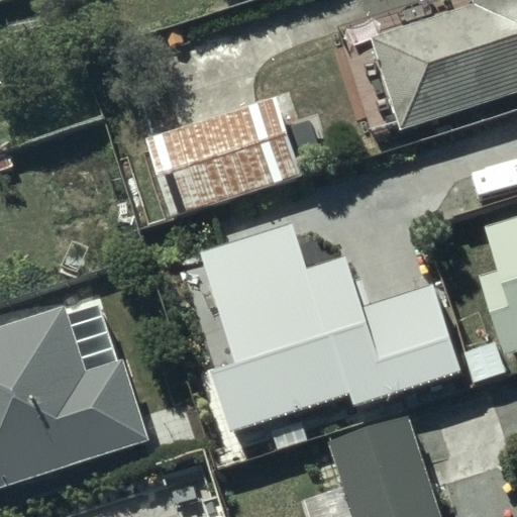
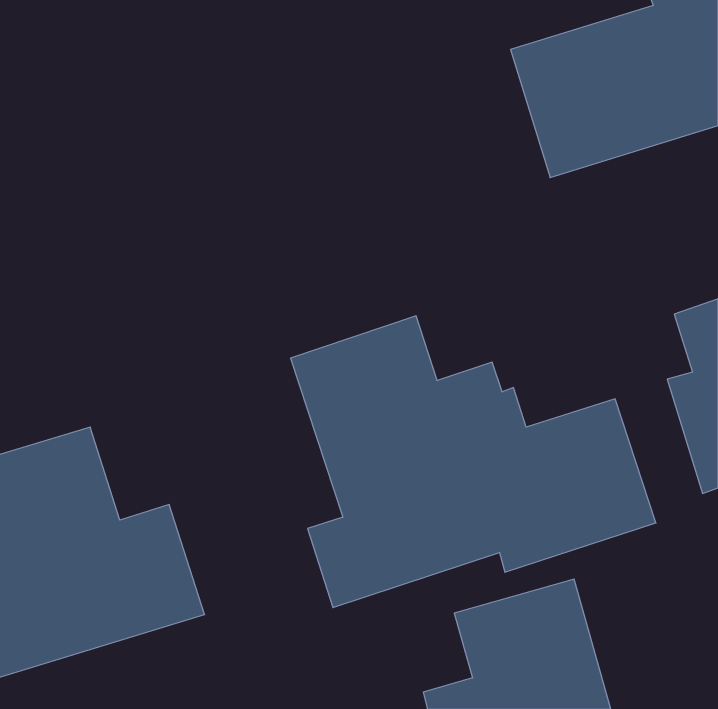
building: [144,95,301,215] -> none

